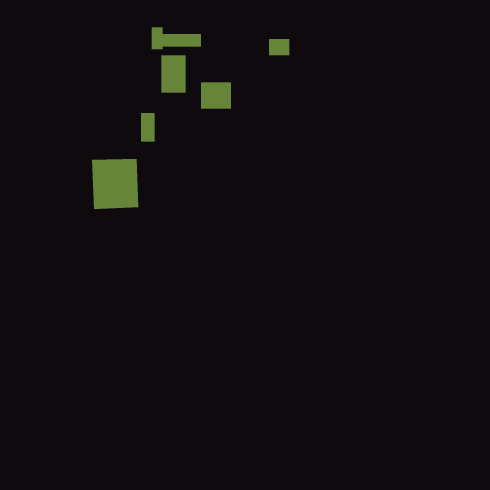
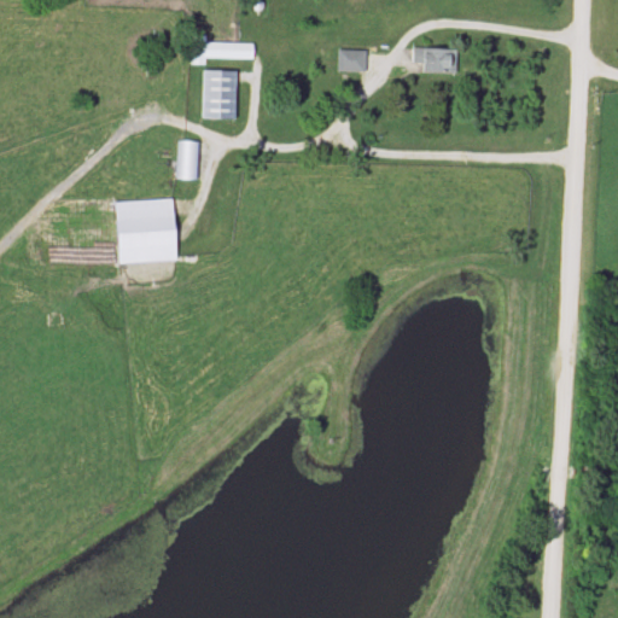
building: none -> [424,48,455,72]
building: [200,82,231,109] -> none

